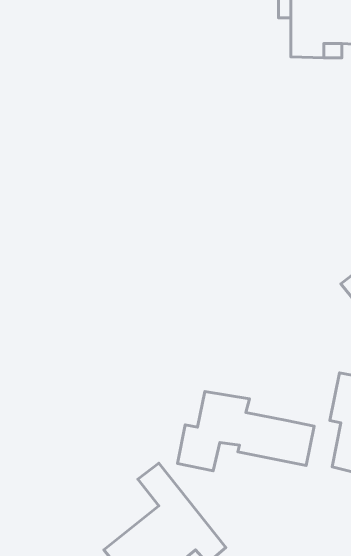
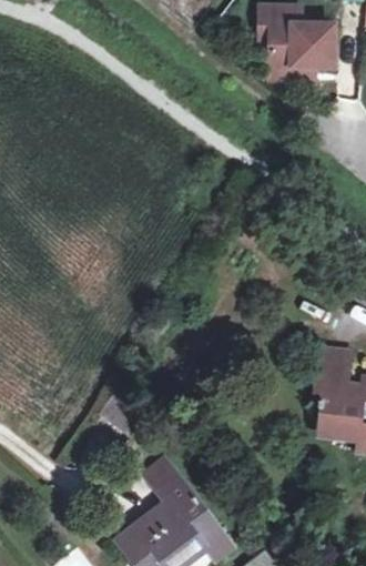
building: [178,392,314,471] -> none

